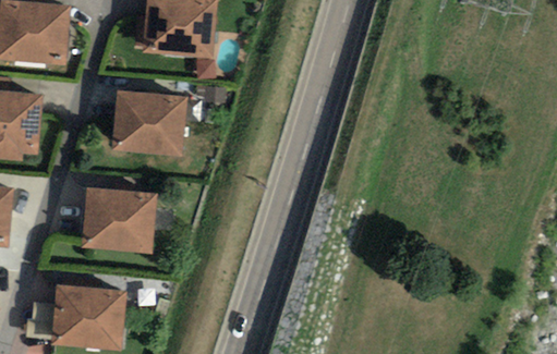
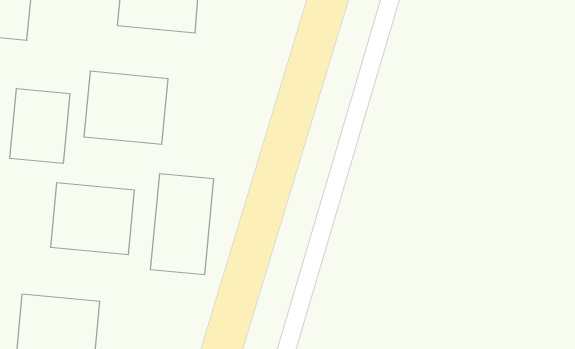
building: none -> [10,88,70,163]
building: none -> [151,174,214,275]

